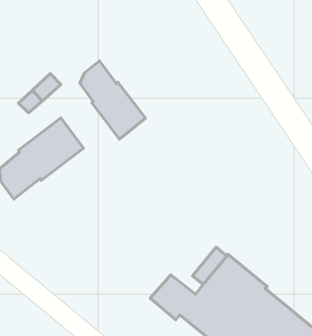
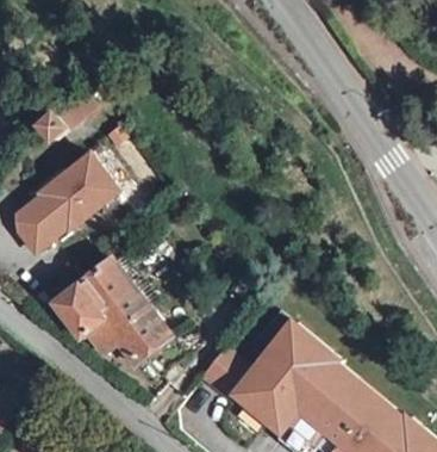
building: [80,61,146,139] -> none
building: none -> [54,258,170,361]

